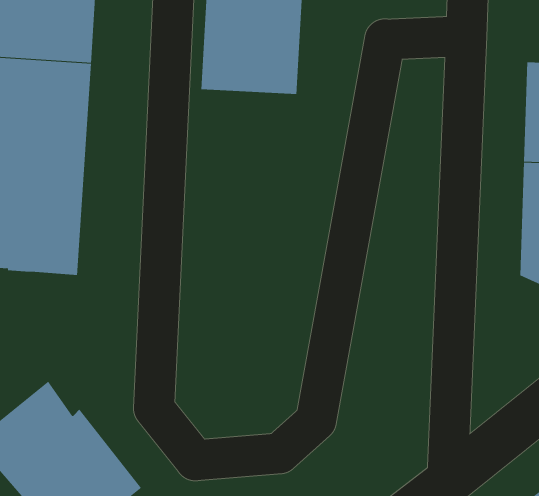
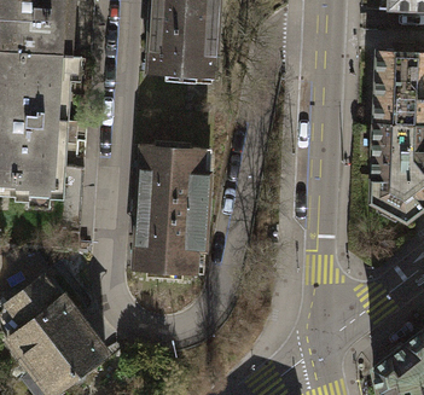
building: none -> [134,146,209,272]

